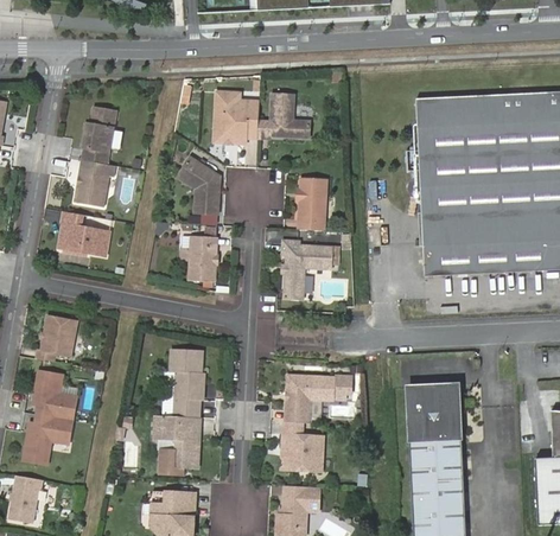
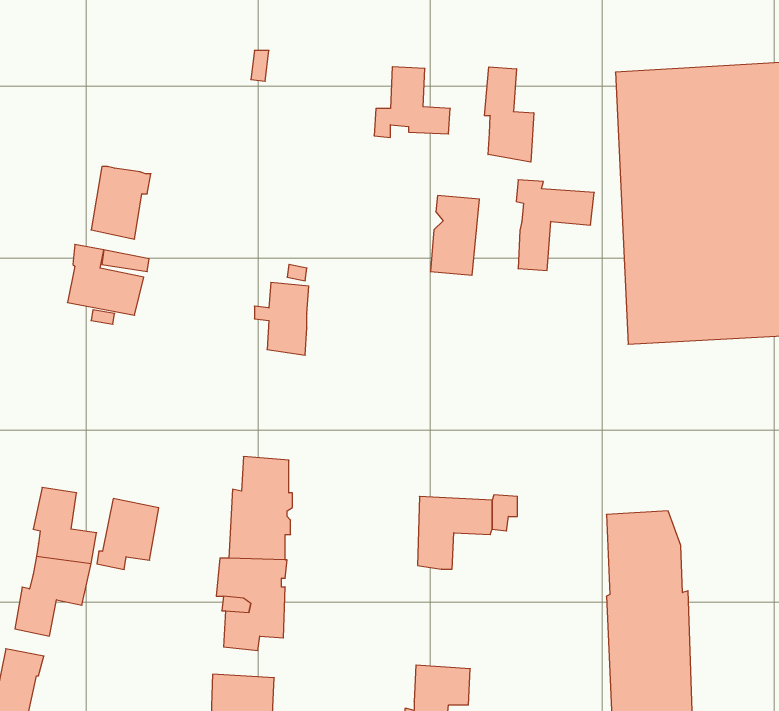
building: [214,92,261,143] -> none
building: none -> [484,67,534,162]
building: [85,107,116,162] -> none
building: [182,157,221,213] -> none
building: [292,241,343,300] -> [516,180,594,270]
building: [37,314,77,360] -> [97,499,159,569]
building: [282,421,323,471] -> none

